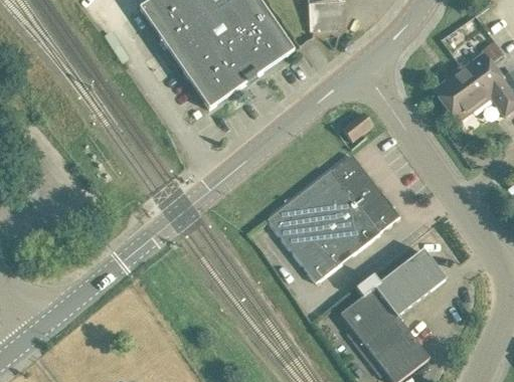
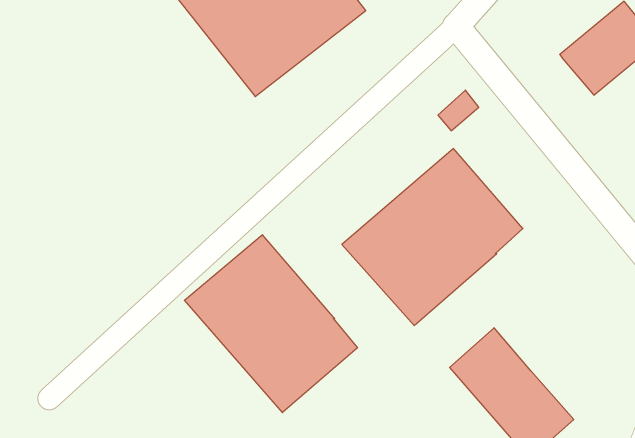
building: none -> [184,235,357,413]
building: [374,250,445,320] -> none

